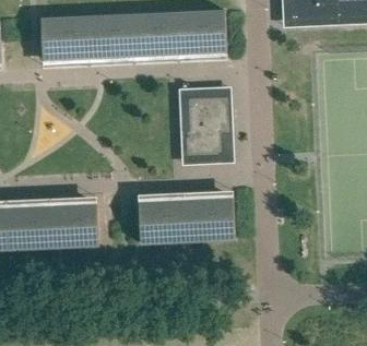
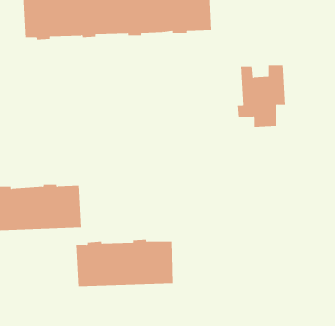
building: [181,95,229,156] -> [237,65,286,127]
building: [137,196,233,243] -> [76,239,174,287]

